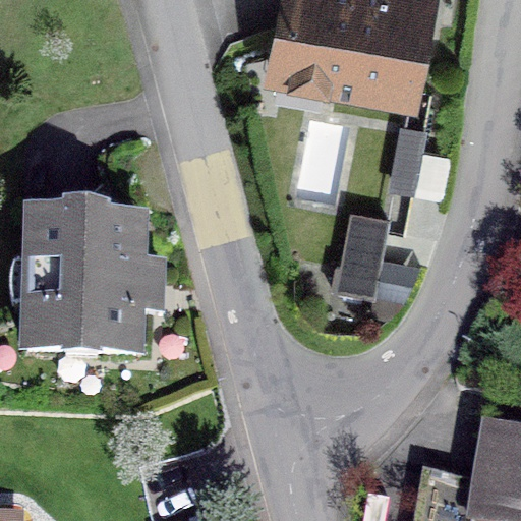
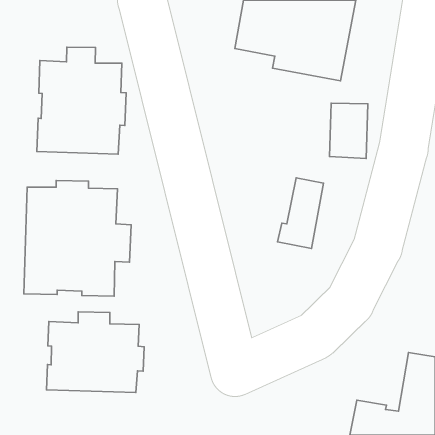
building: none -> [37,47,126,154]
building: none -> [46,312,144,393]

